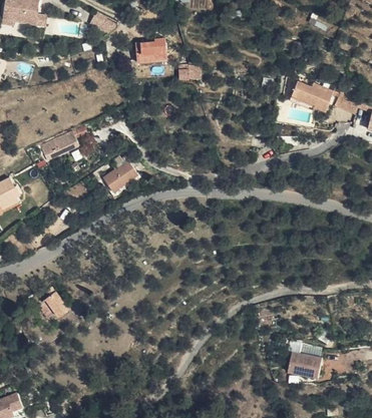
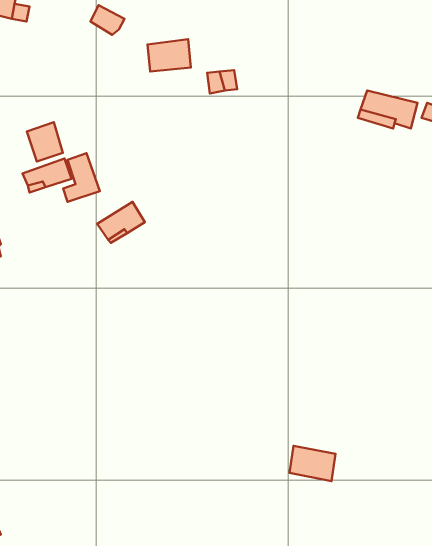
building: none -> [27,122,63,161]
building: [37,288,66,312] -> none
building: [286,353,320,379] -> [289,446,335,481]

